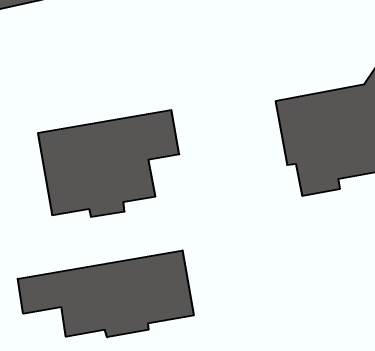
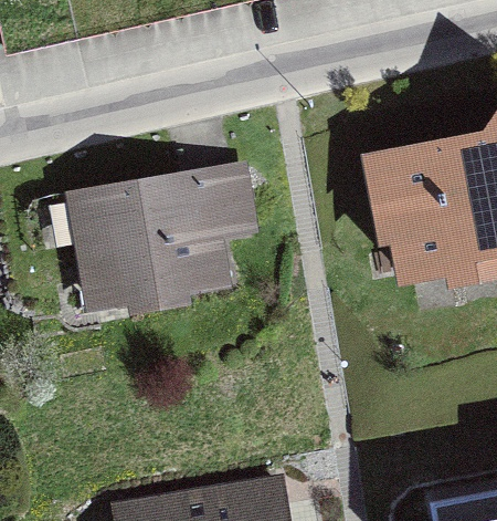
building: [18,250,194,337] -> none

